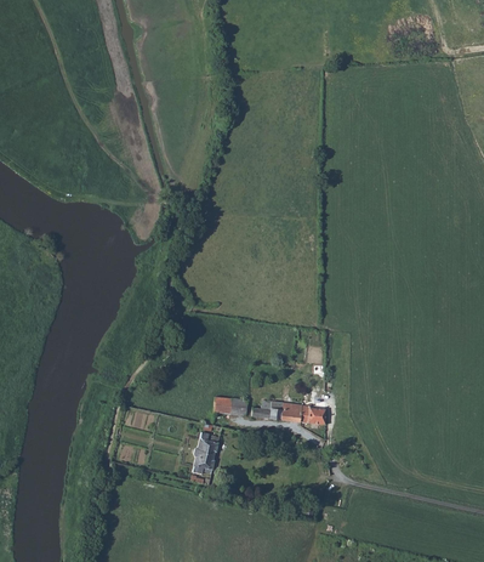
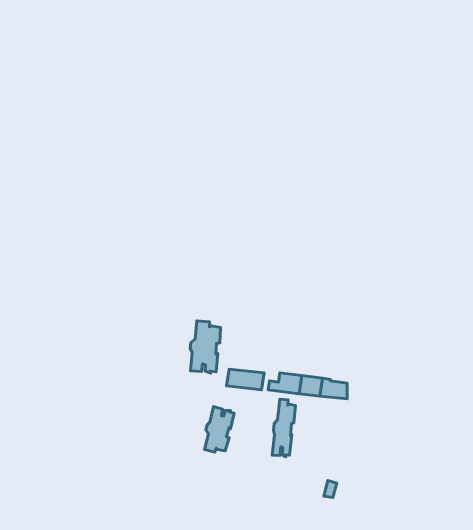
building: none -> [190,321,221,373]
building: none -> [272,399,295,457]

